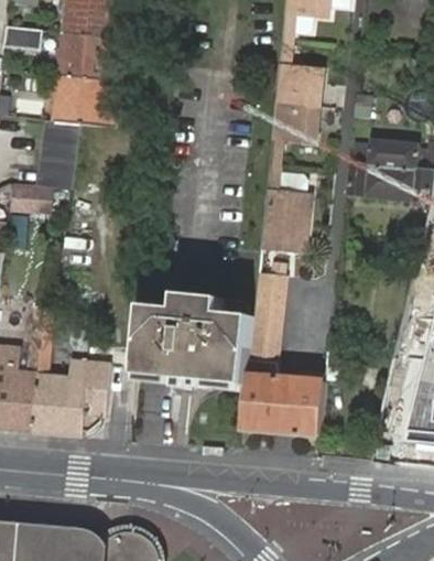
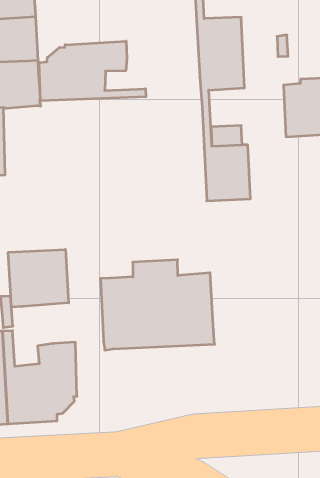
building: none -> [39,41,146,101]
building: none -> [8,249,69,307]
building: [241,271,325,434] -> none

